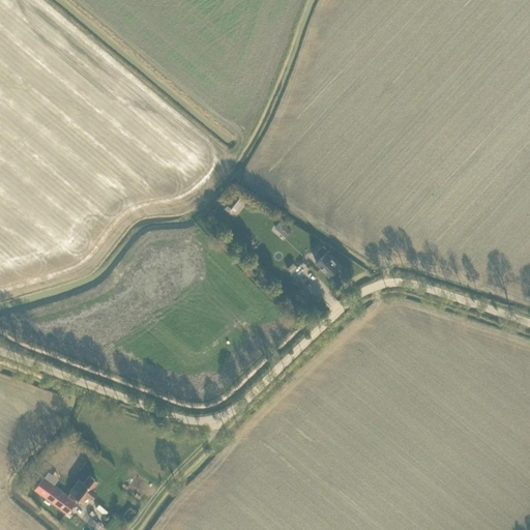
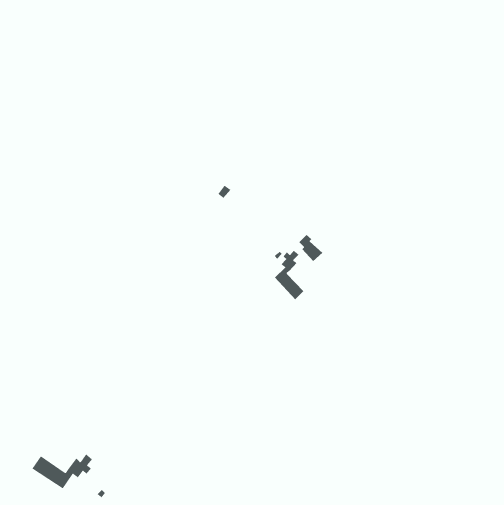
building: none -> [274,250,304,300]

